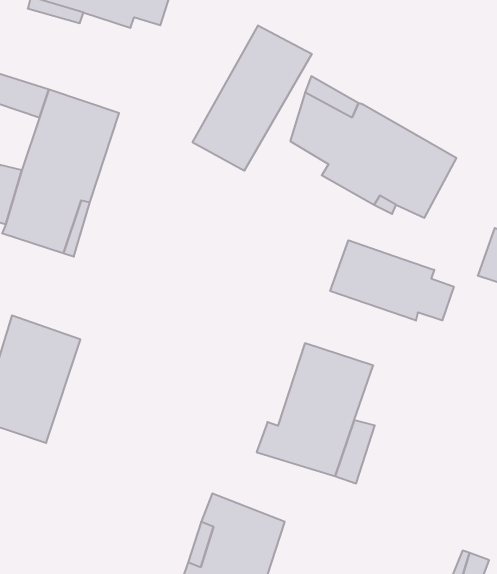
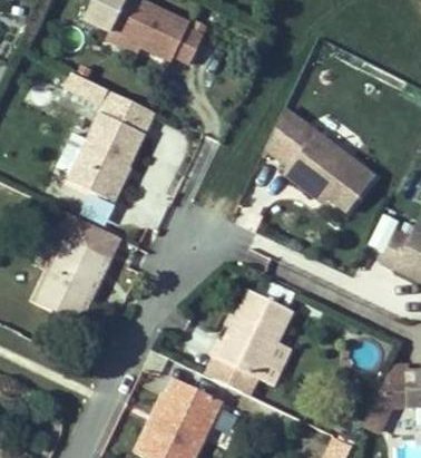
building: [193,25,312,171] -> none
building: [330,240,454,321] -> none
building: none -> [58,220,112,262]

